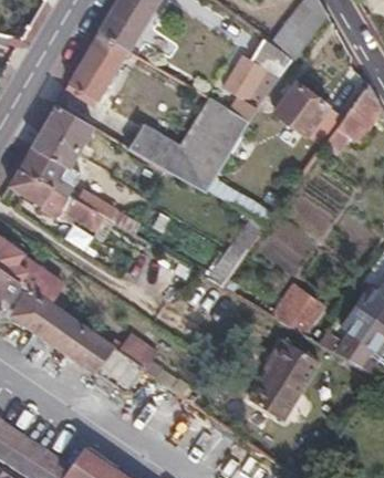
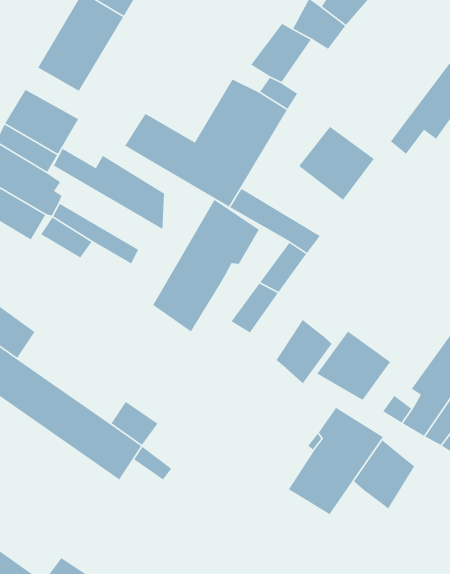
building: [272,82,329,137] -> [298,126,375,201]
building: none -> [53,148,165,230]
building: none -> [152,199,260,332]
building: none -> [275,319,333,384]
building: none -> [353,439,415,509]

